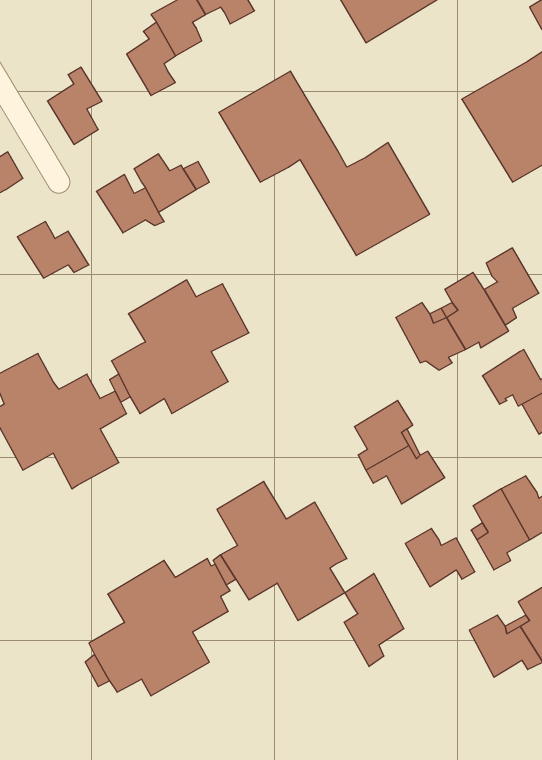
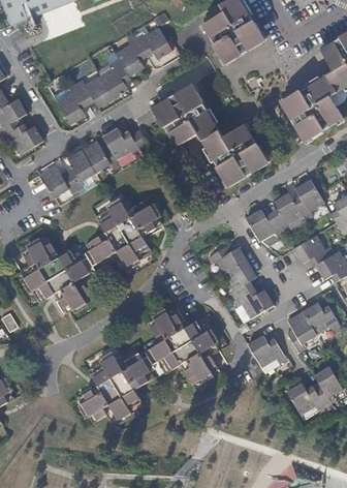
building: none -> [73,73,112,105]
building: none -> [65,149,96,189]
building: none -> [206,244,247,278]
building: [344,573,404,667] -> none

